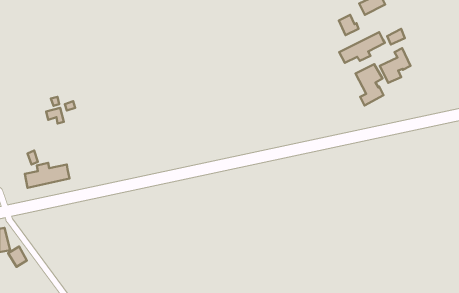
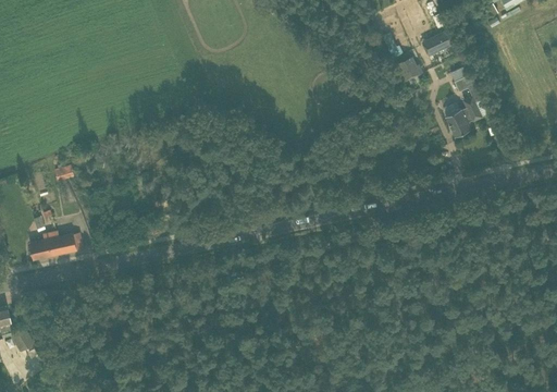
building: [339,32,385,63] -> none
building: [356,64,384,105] -> none

